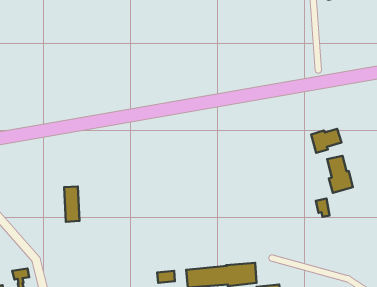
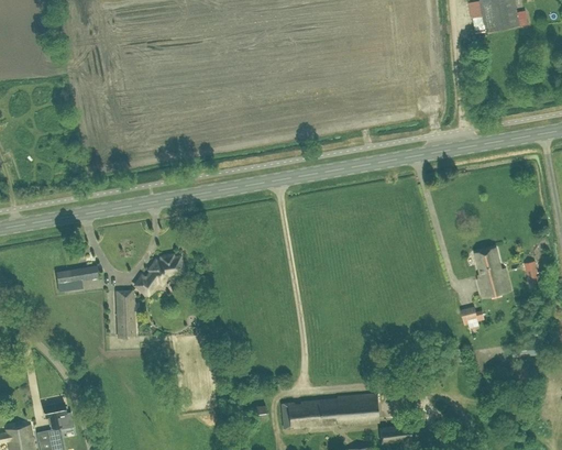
building: [311,129,342,153] -> none
building: none -> [135,255,183,294]
building: none -> [54,265,98,293]

